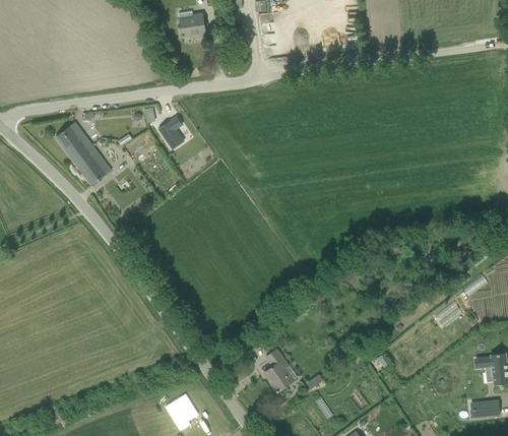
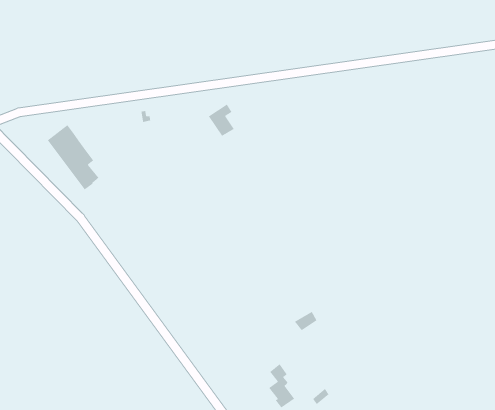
building: [179,11,205,37] -> none
building: [158,117,184,148] -> [208,103,235,137]

